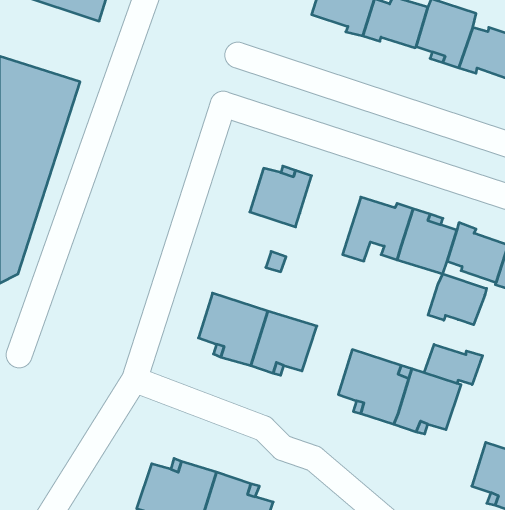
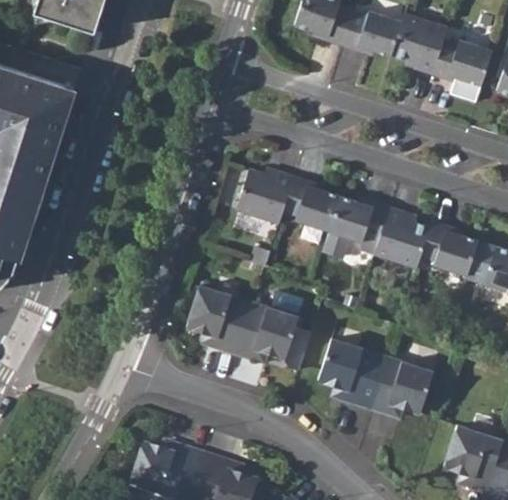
building: none -> [282,176,339,231]
building: [428,274,487,325] -> none
building: [424,344,483,385] -> none

